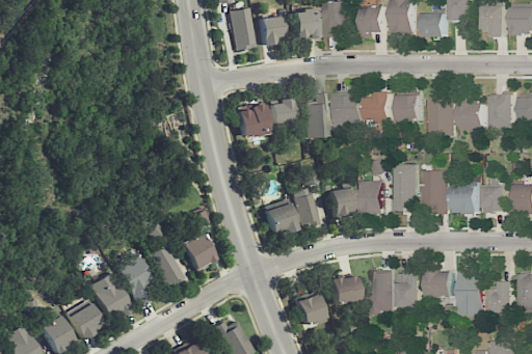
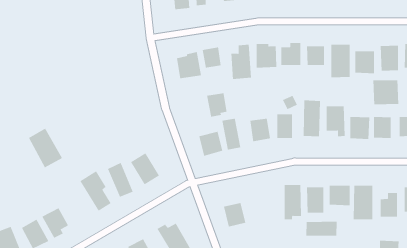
building: none -> [373,80,399,105]
building: none -> [207,93,227,118]
building: [86,272,130,323] -> [28,128,63,168]
building: [326,274,357,305] -> none
building: none -> [306,221,337,236]

